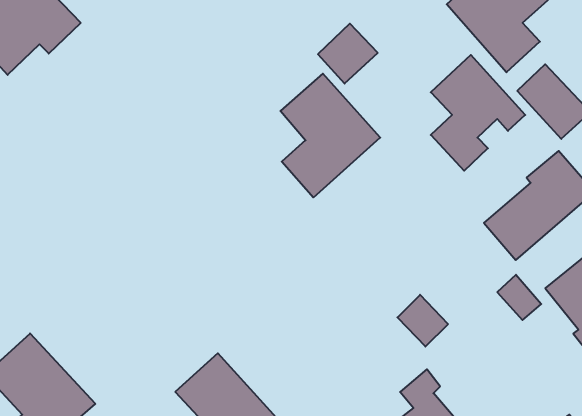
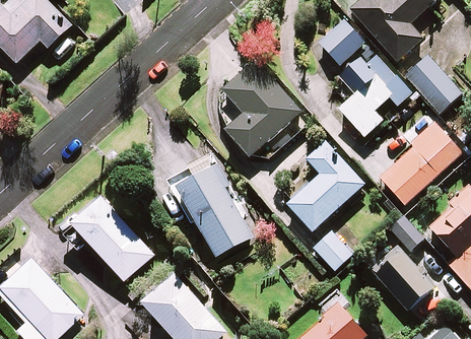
building: [318,24,378,84] -> [319,19,364,65]
building: none -> [287,141,364,231]
building: none -> [164,152,254,257]
building: none -> [73,198,153,280]
building: none -> [376,251,433,310]

